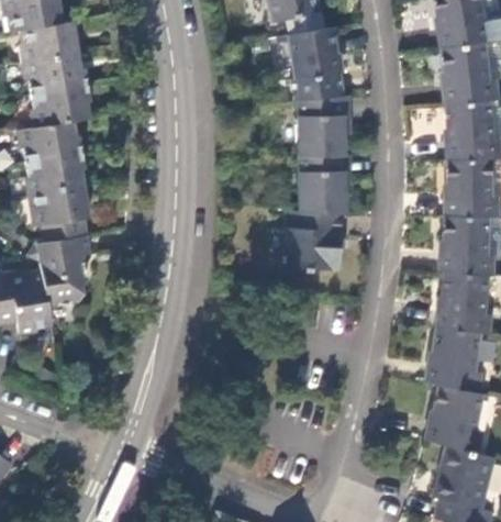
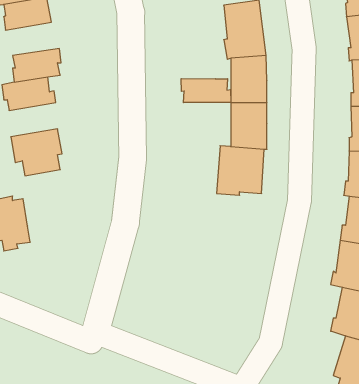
building: [20,54,87,96] -> none
building: none -> [181,79,231,103]
building: [24,154,86,197] -> none
building: [27,237,91,308] -> none

